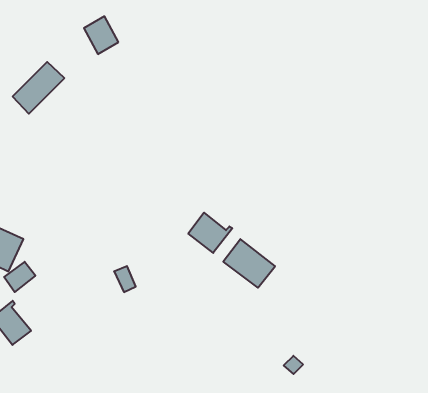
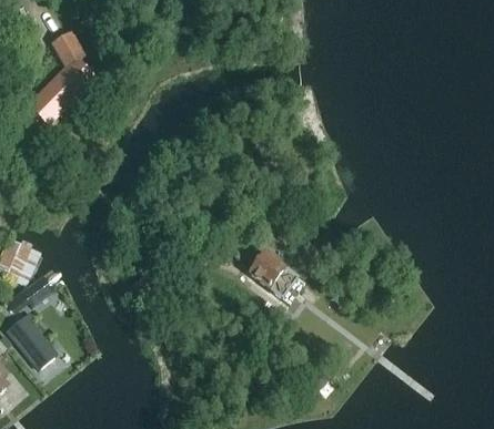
building: [84,16,118,54] -> [52,31,88,70]
building: [188,213,232,253] -> none

